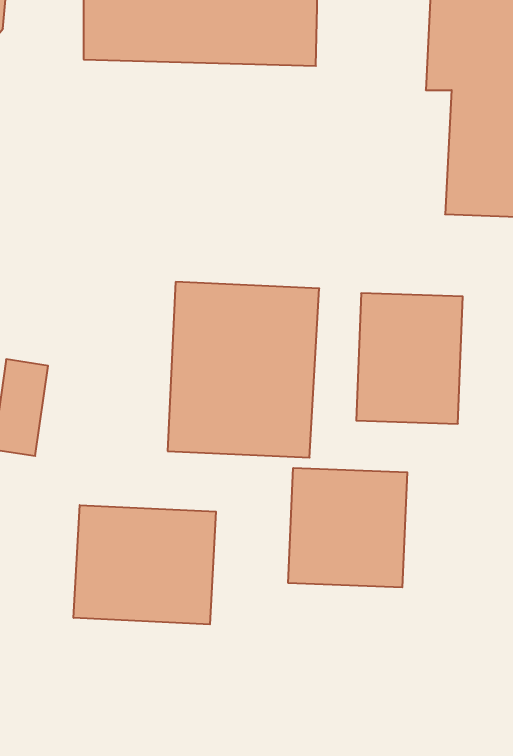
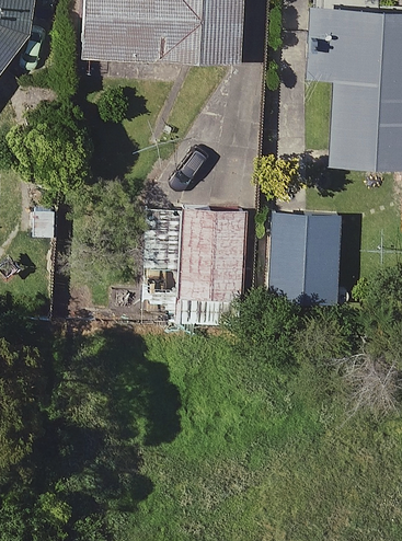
building: [288,468,407,587] -> none
building: [74,505,216,624] -> none

